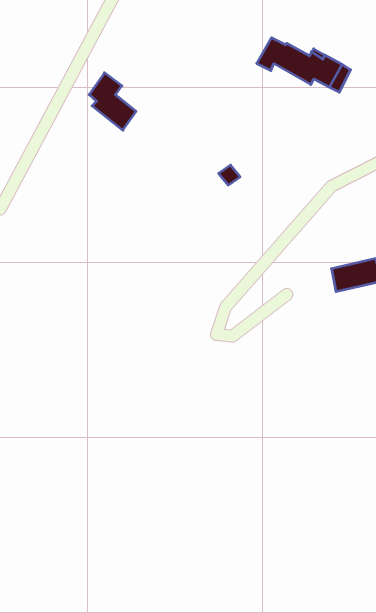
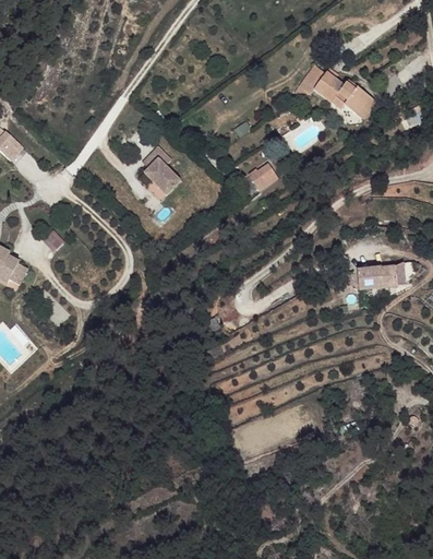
building: [89,73,136,130] -> [146,151,183,201]

